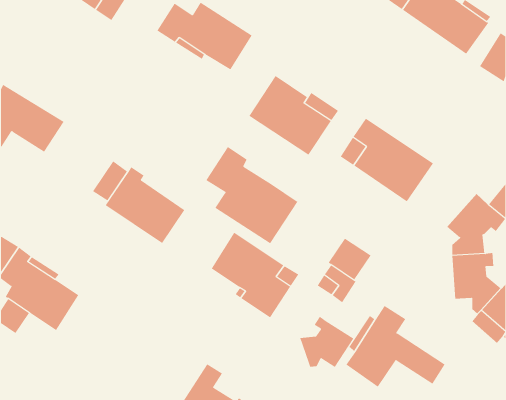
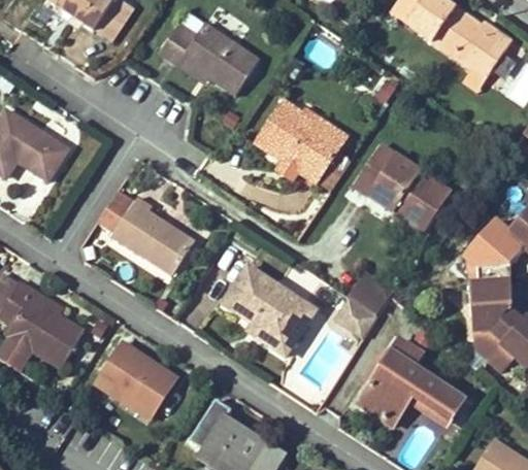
building: [206,146,298,244] -> none
building: none -> [90,336,179,423]
building: [299,316,354,368] -> none

